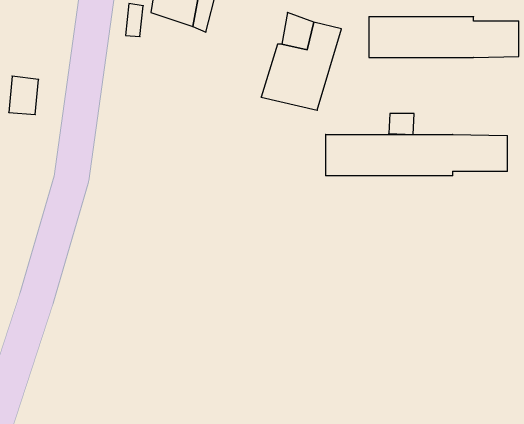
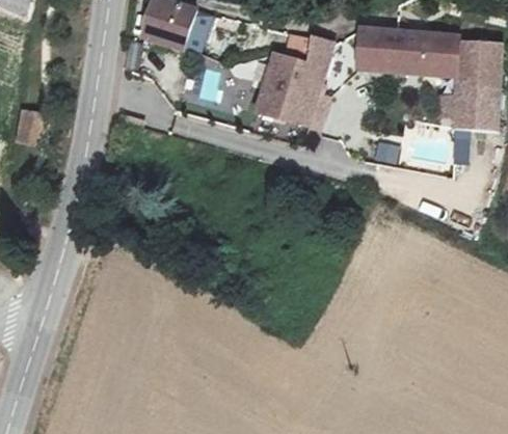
building: none -> [454,74,497,119]
building: [326,134,507,176] -> none

